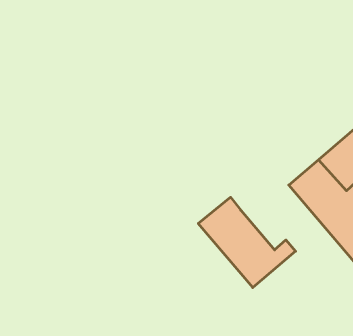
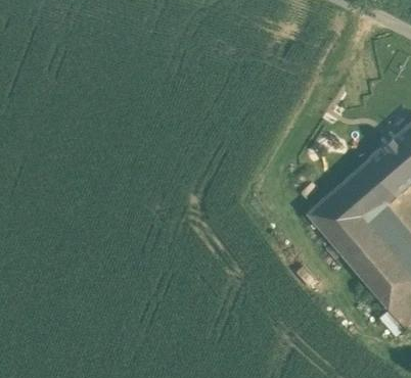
building: [198,197,296,288] -> none

